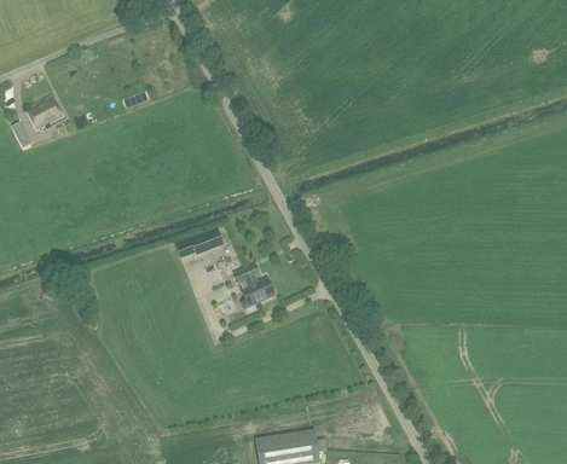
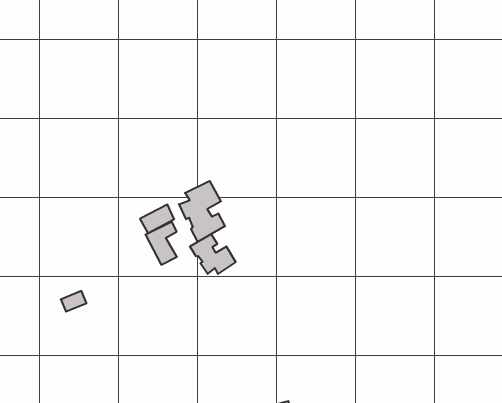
building: none -> [179,181,225,242]

